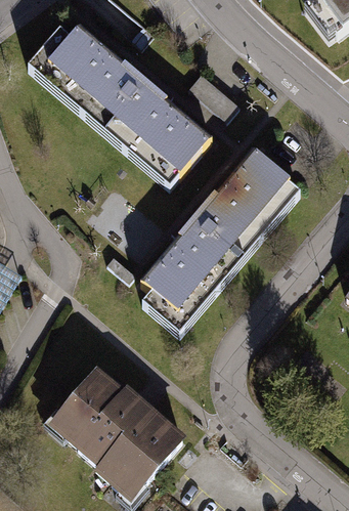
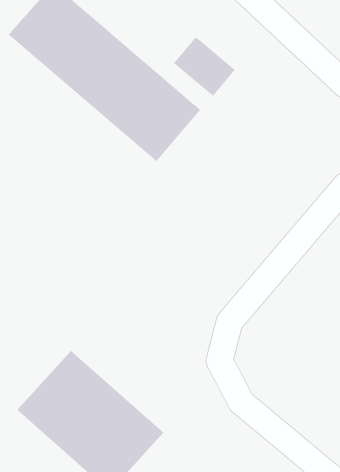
building: [139,145,301,320] -> none

